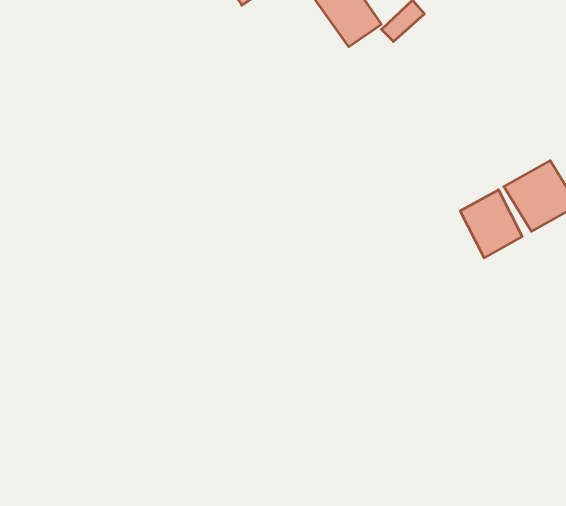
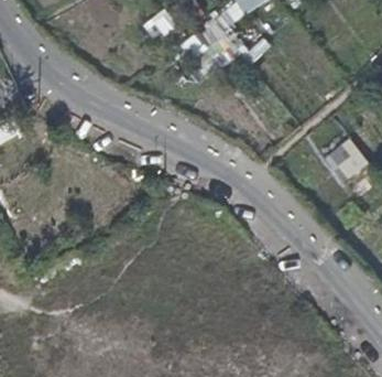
building: [460,190,522,258] -> none

